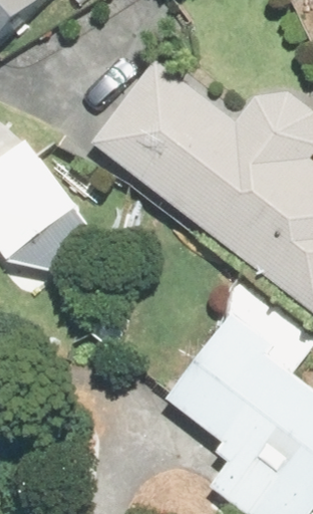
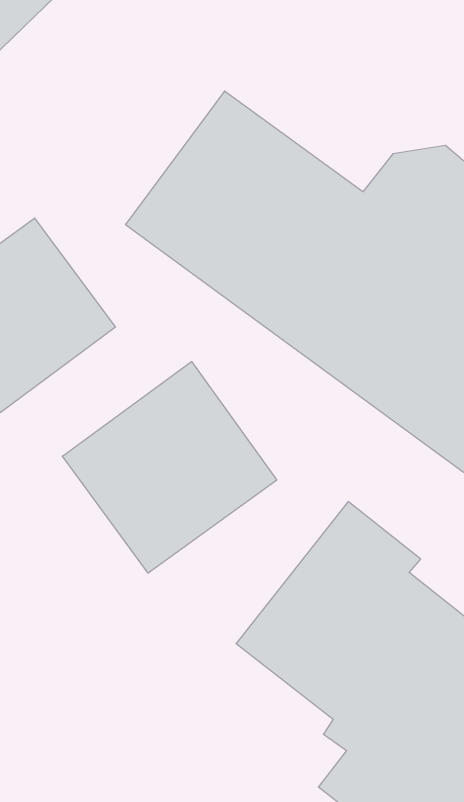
building: none -> [62,362,277,573]

